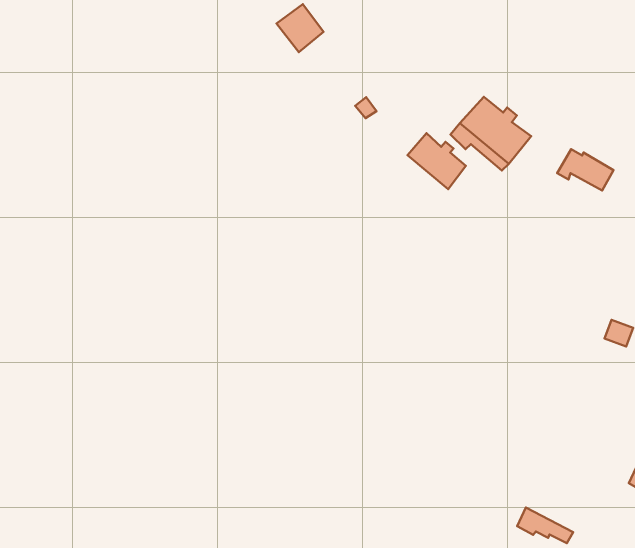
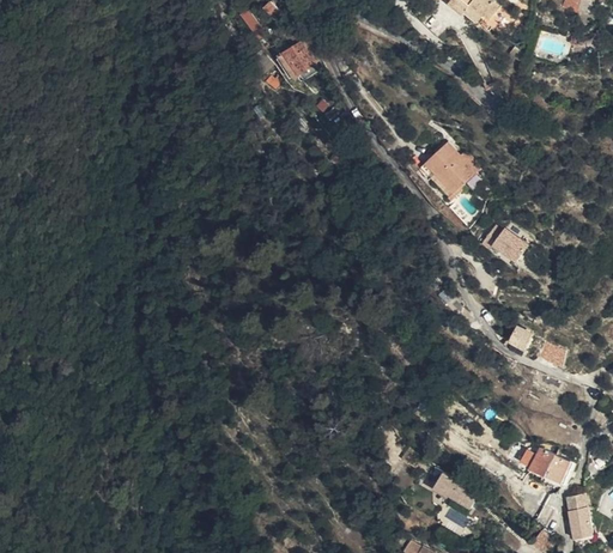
building: [407,133,466,189] -> none
building: [557,149,614,191] -> [485,225,530,261]

